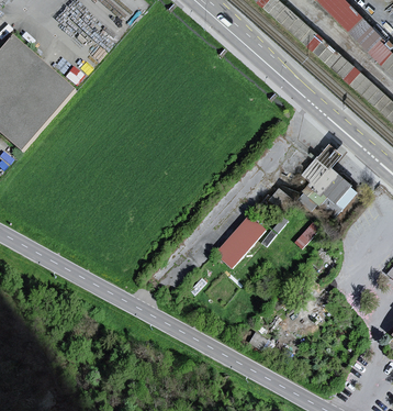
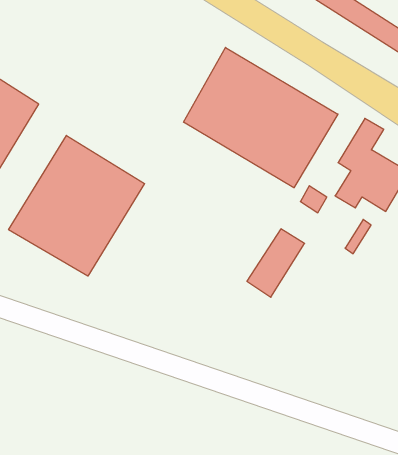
building: none -> [184,47,338,188]
building: none -> [9,135,145,276]

